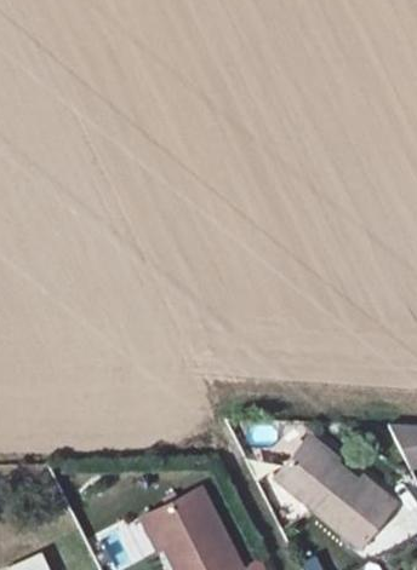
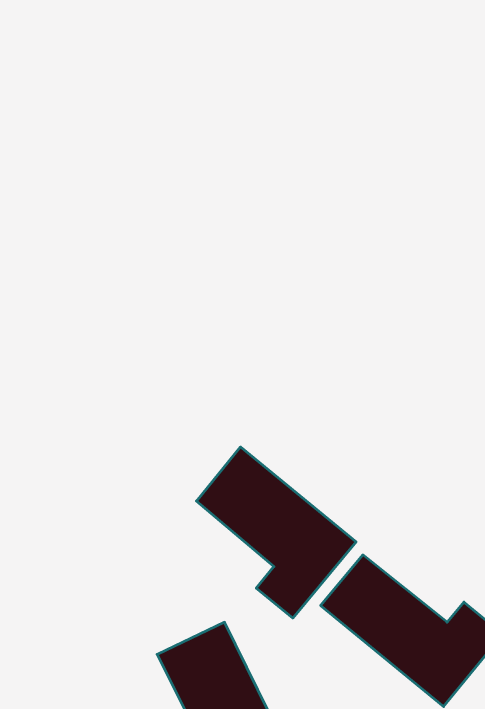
building: none -> [196,447,356,618]

